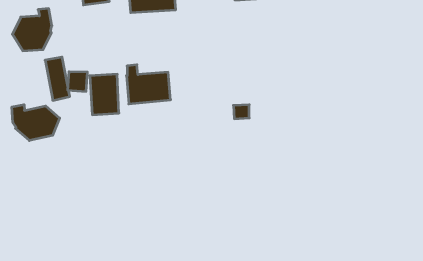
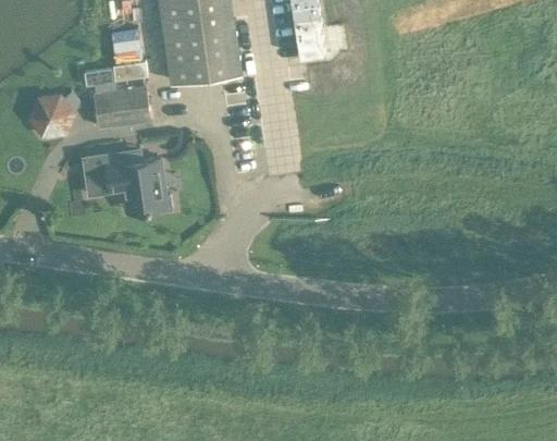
building: [126,65,171,104] -> [95,79,151,128]
building: [12,105,60,141] -> none

